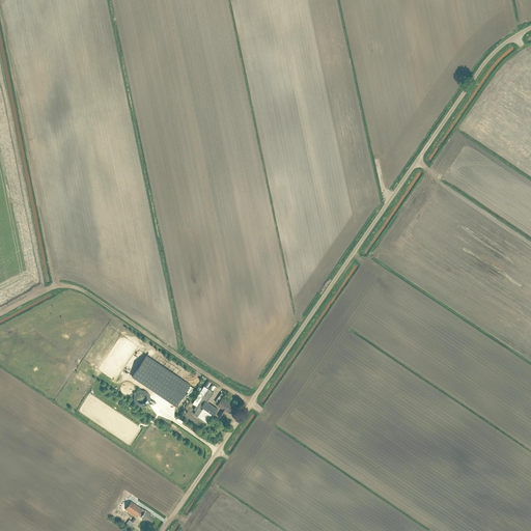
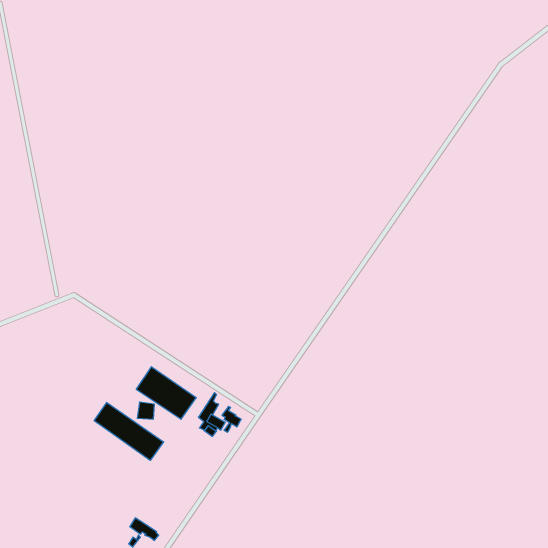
building: none -> [94,402,164,460]

